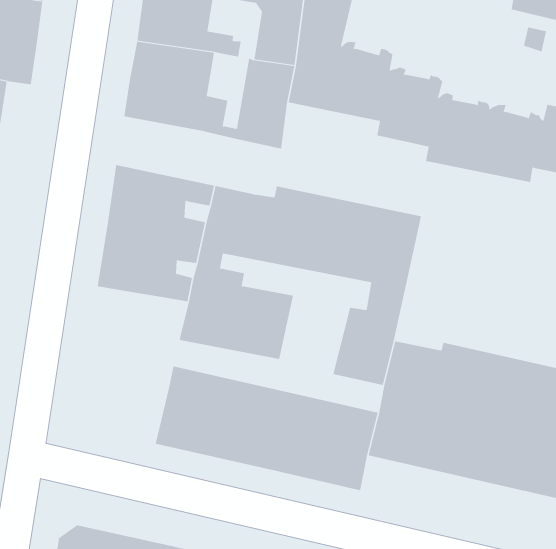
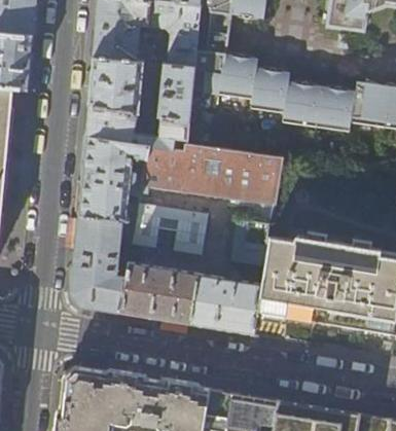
building: none -> [85,106,190,150]
building: none -> [71,215,137,313]

